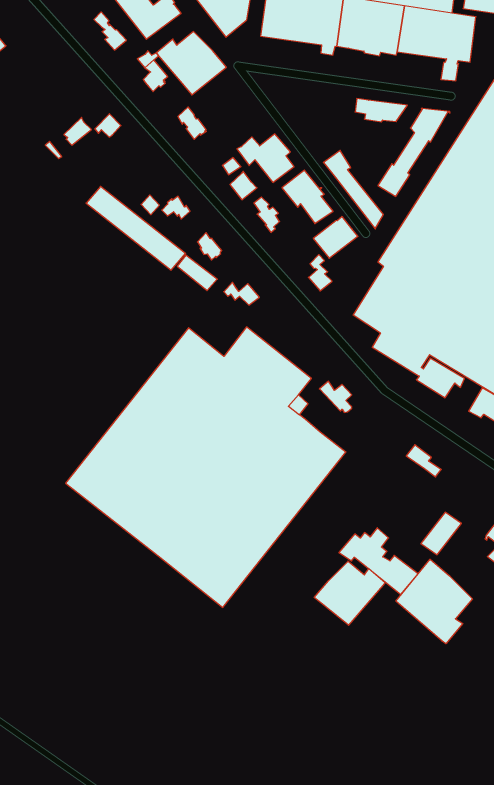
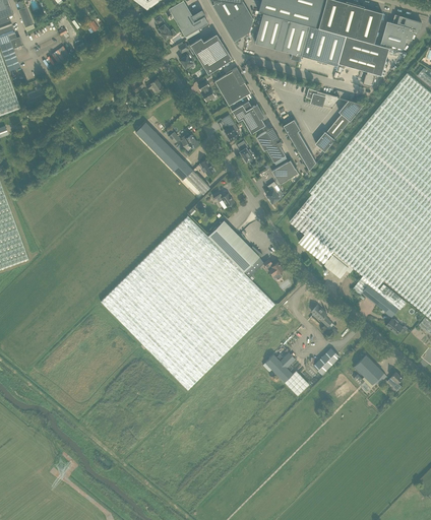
building: none -> [214,67,250,105]
building: [396,559,472,644] -> none
building: [314,561,385,625] -> none

